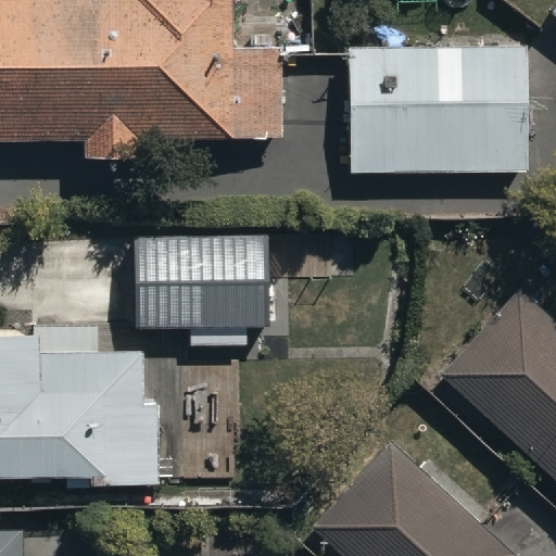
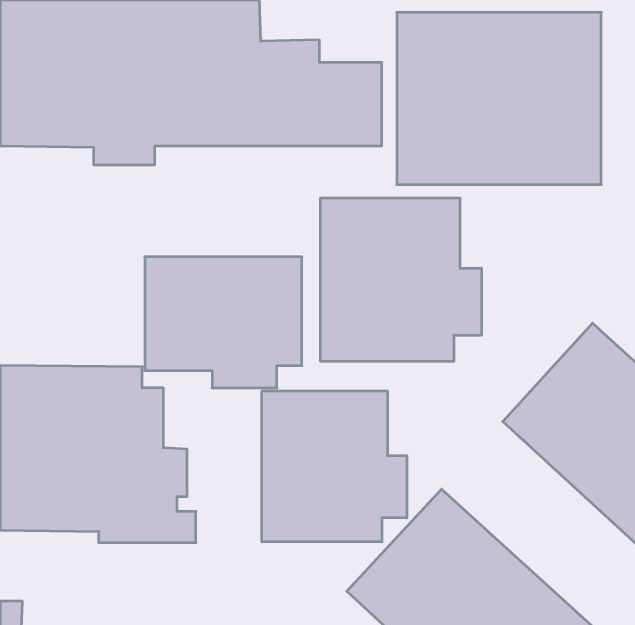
building: none -> [321,198,481,361]
building: none -> [262,391,407,542]

